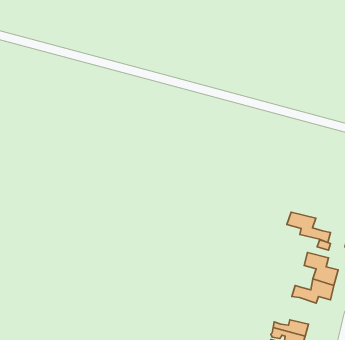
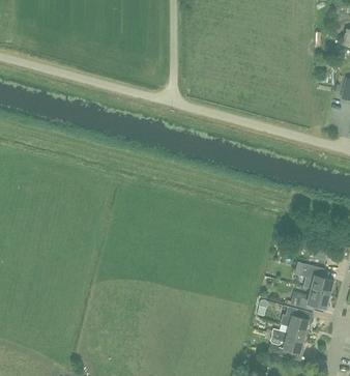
building: [287,212,330,243] -> none
building: none -> [282,306,309,330]

